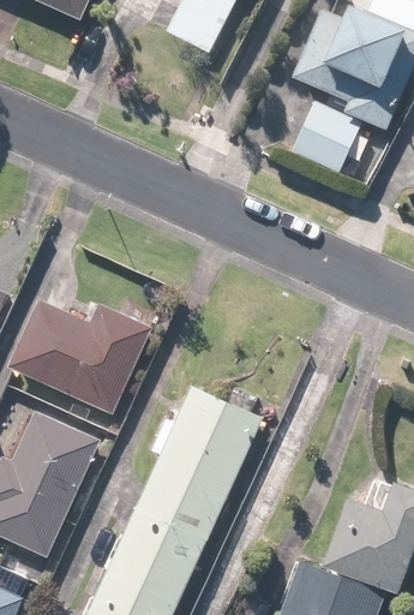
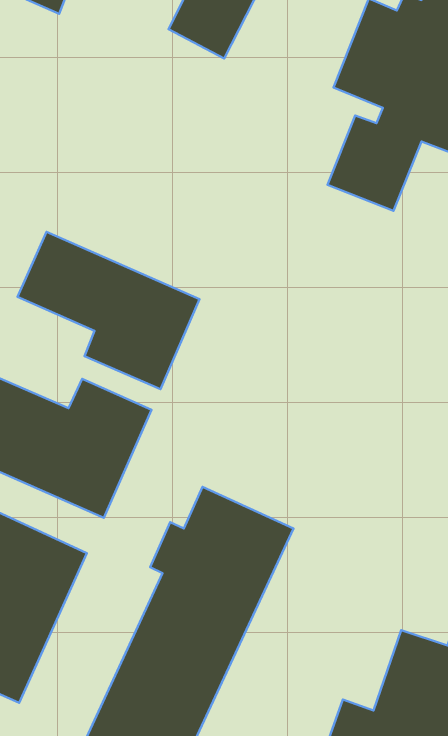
building: none -> [17,232,200,389]

